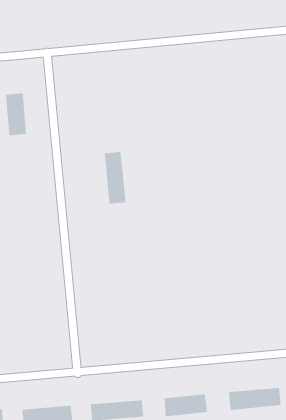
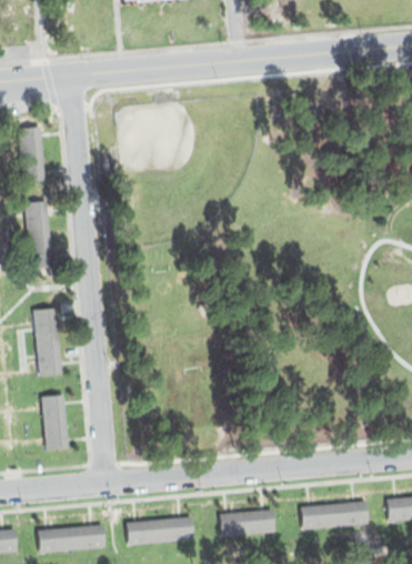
building: [104,151,126,205] -> [23,200,52,268]
building: none -> [31,306,62,375]
building: none -> [40,395,69,450]

